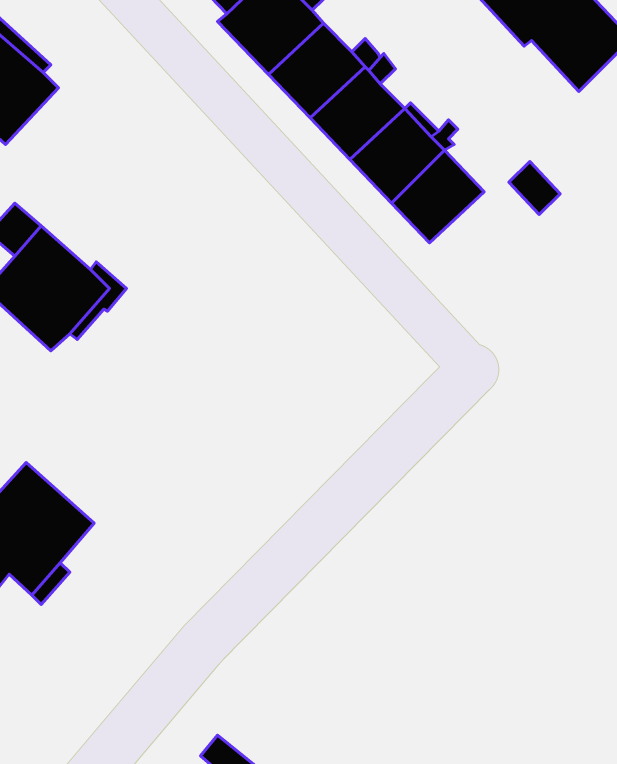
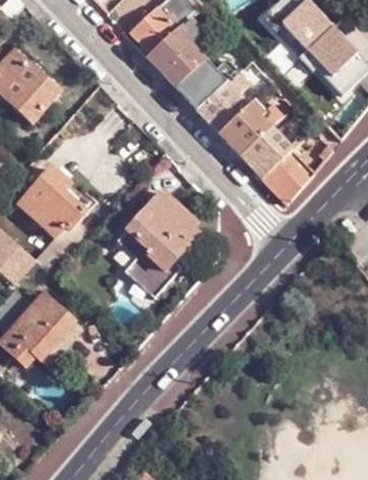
building: none -> [261,148,314,201]
building: none -> [116,190,197,300]

